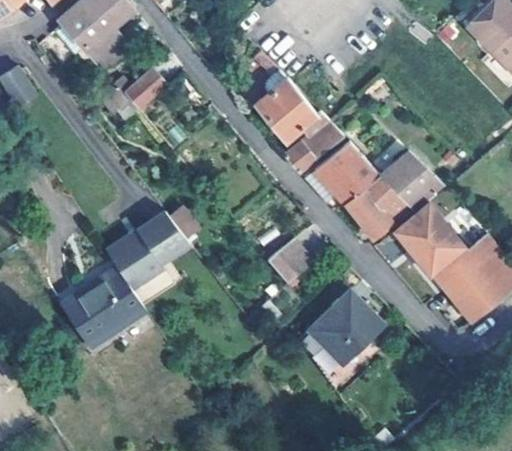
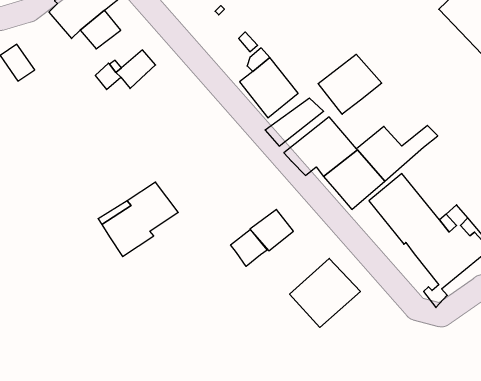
building: none -> [318,54,382,114]
building: none -> [231,229,267,266]
building: [61,268,145,346] -> none

